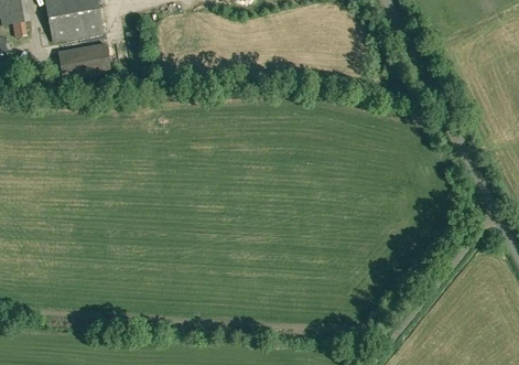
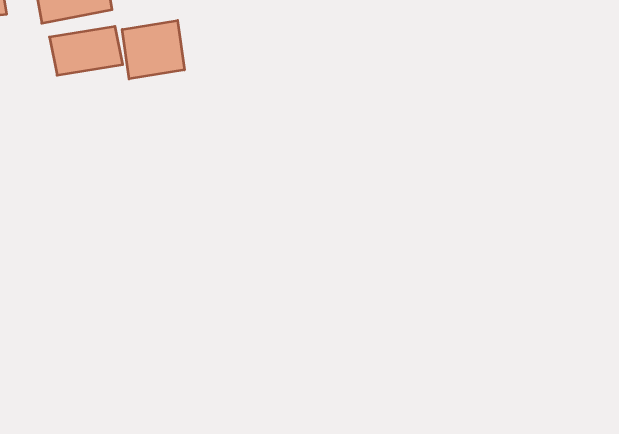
building: none -> [122,20,184,79]

